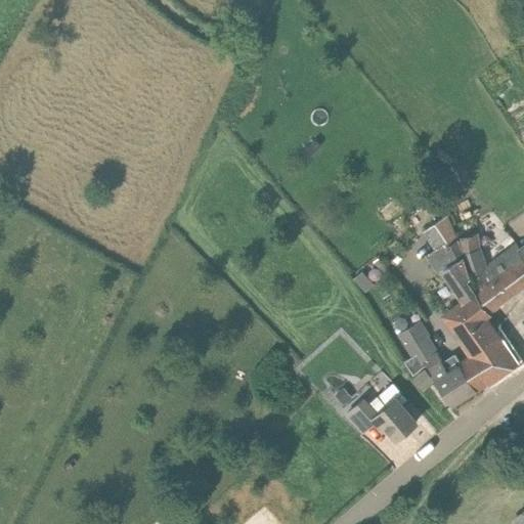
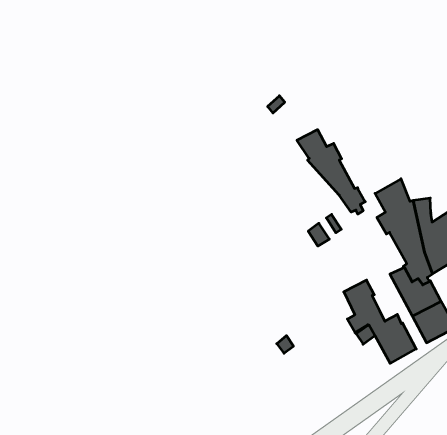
building: none -> [297,130,365,214]
building: [347,397,418,440] -> none

